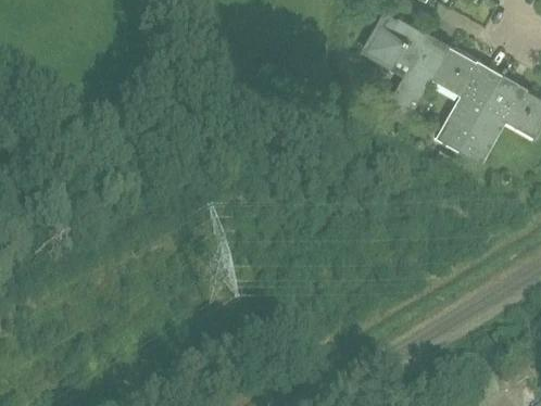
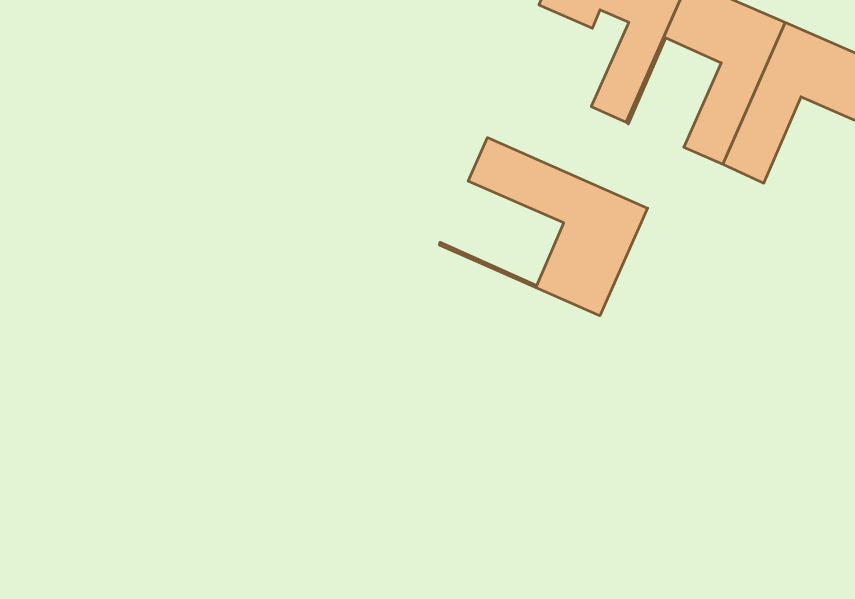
building: none -> [440,138,648,316]

